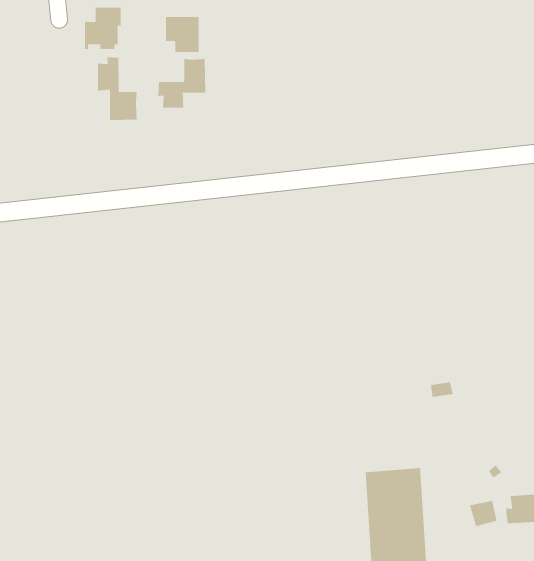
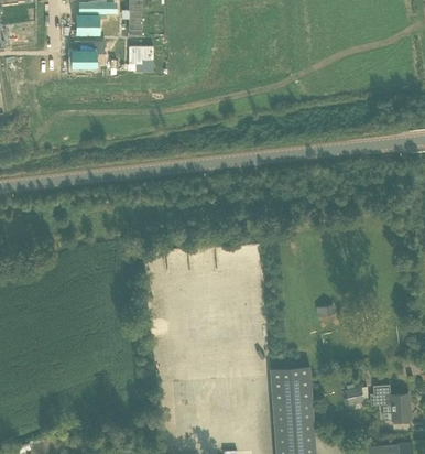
building: [97,56,137,121] -> none
building: [158,58,206,109] -> none

